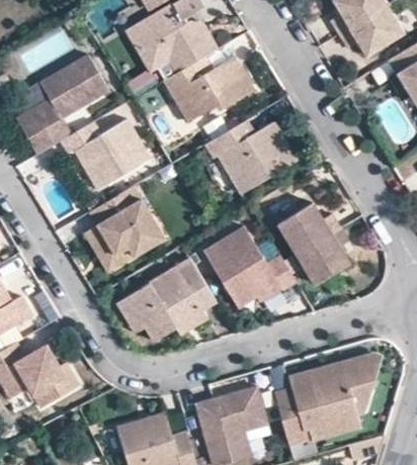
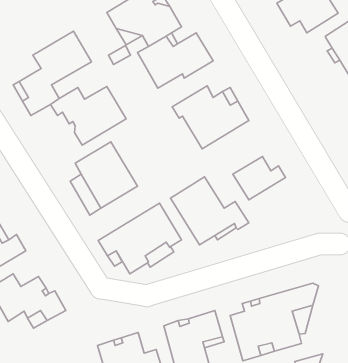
building: [297,227,349,284] -> none

